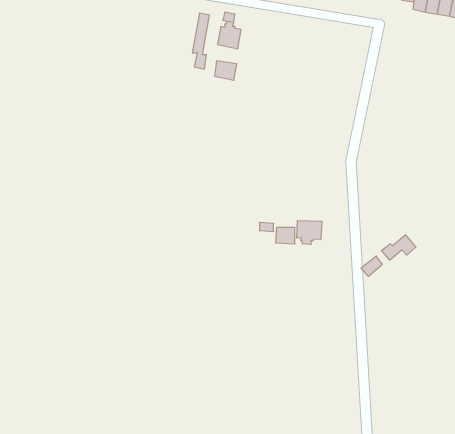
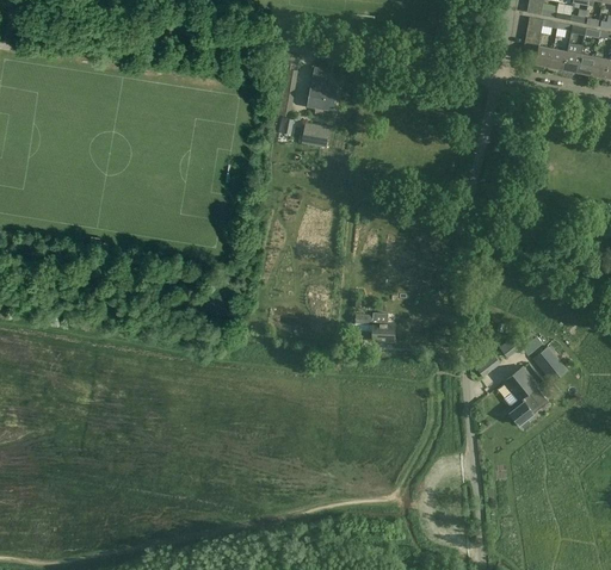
building: [297,221,322,245] -> none
building: none -> [535,346,569,382]
building: none -> [505,366,539,425]

